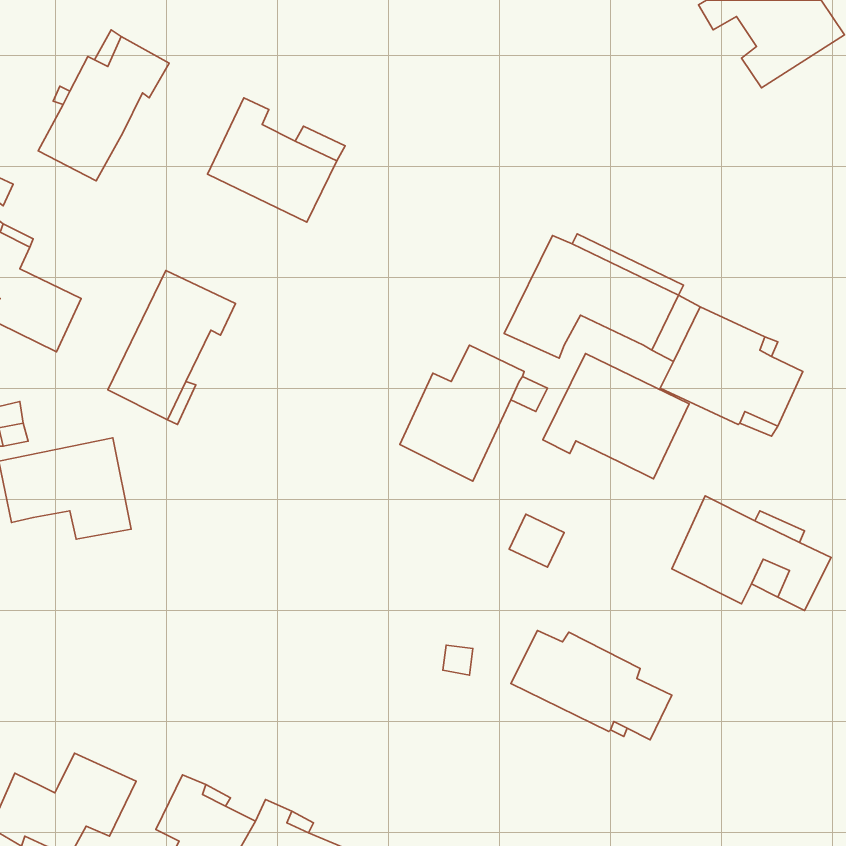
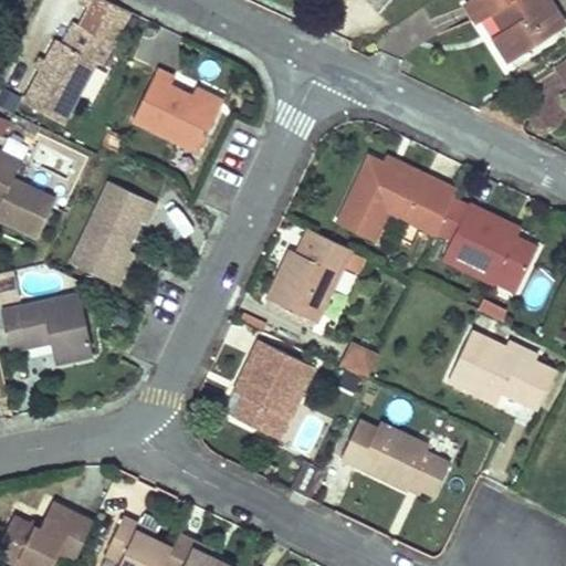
building: [543,353,689,479] -> none
building: none -> [223,340,313,440]

